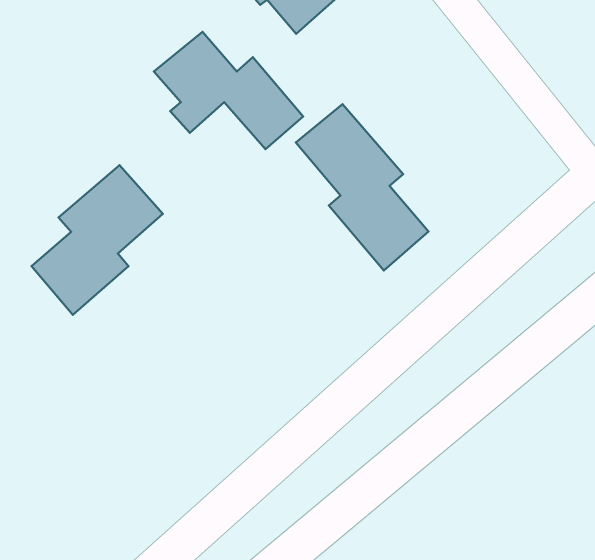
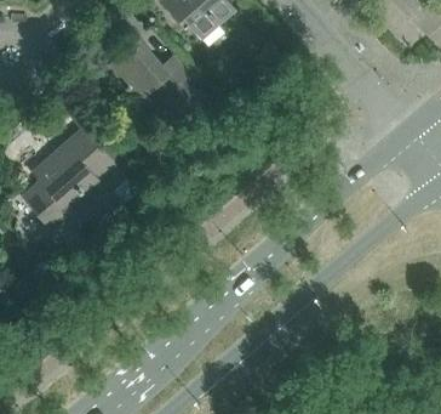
building: [296,104,429,271] -> none

